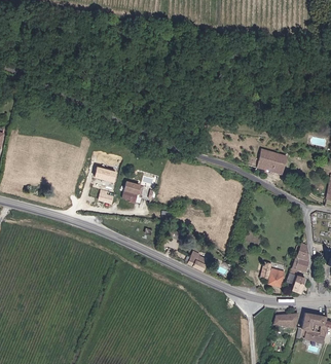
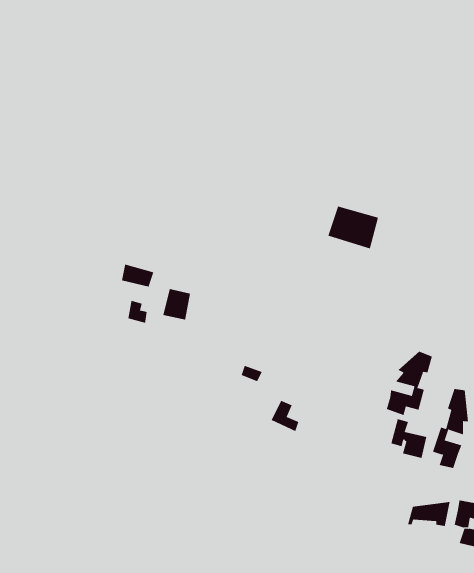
building: [253,148,285,175] -> [327,206,379,249]
building: none -> [386,351,432,416]

